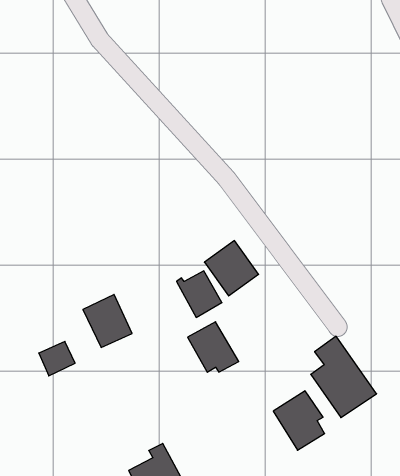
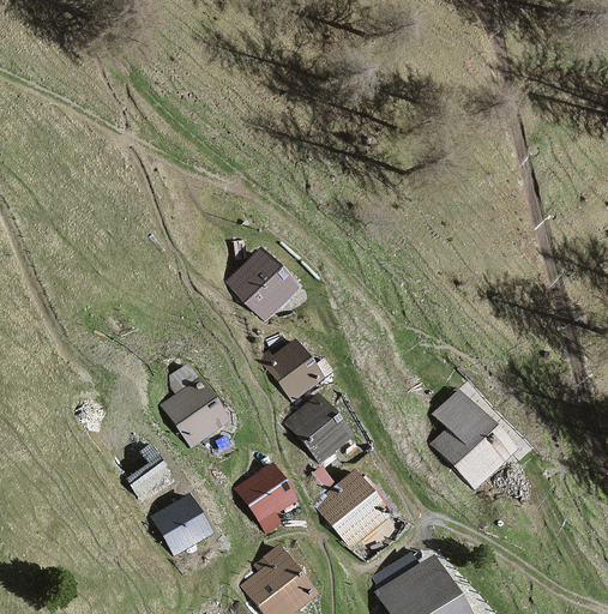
building: [204,241,259,296] -> [230,253,294,317]
building: none -> [245,466,293,519]
building: none -> [157,498,211,553]
building: [273,391,325,450] -> [319,474,381,542]

